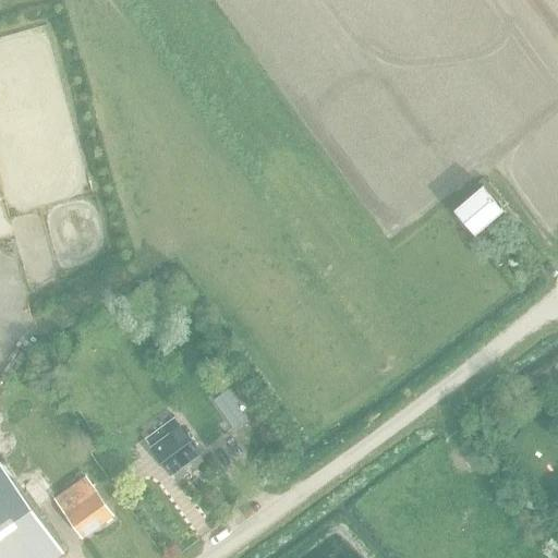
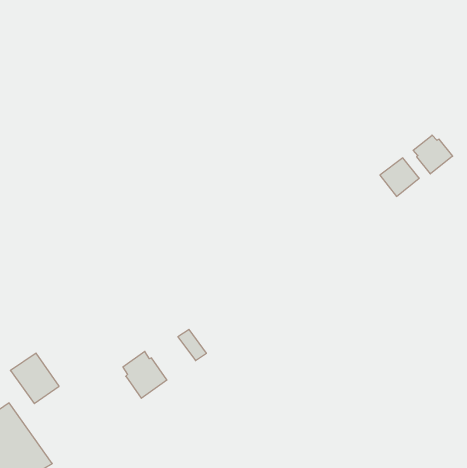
building: none -> [413,135,453,174]
building: [52,477,110,537] -> [10,353,59,404]

